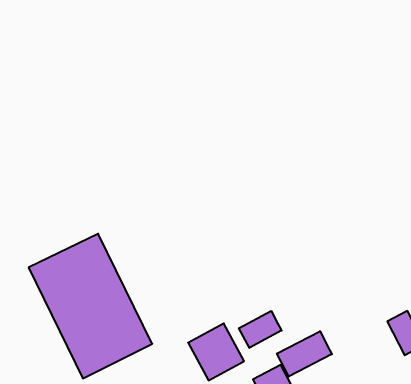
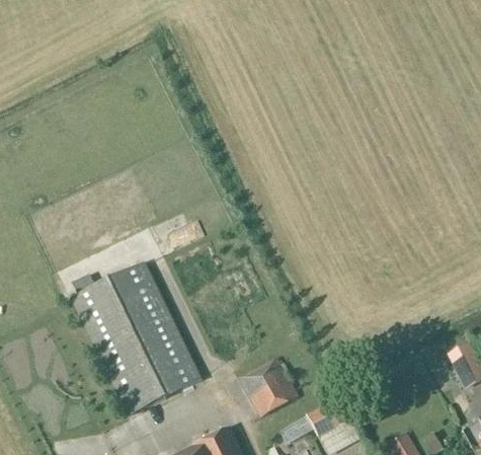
building: [239,311,282,348] -> none
building: [277,331,332,377] -> none

